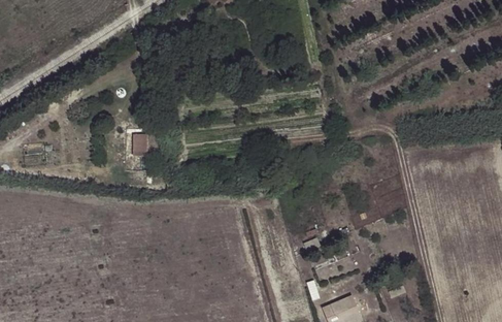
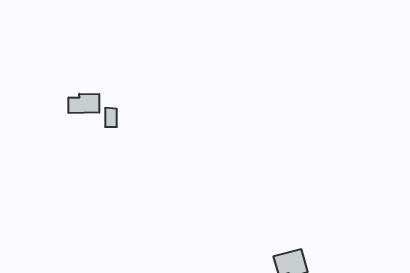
building: none -> [68,94,99,113]

